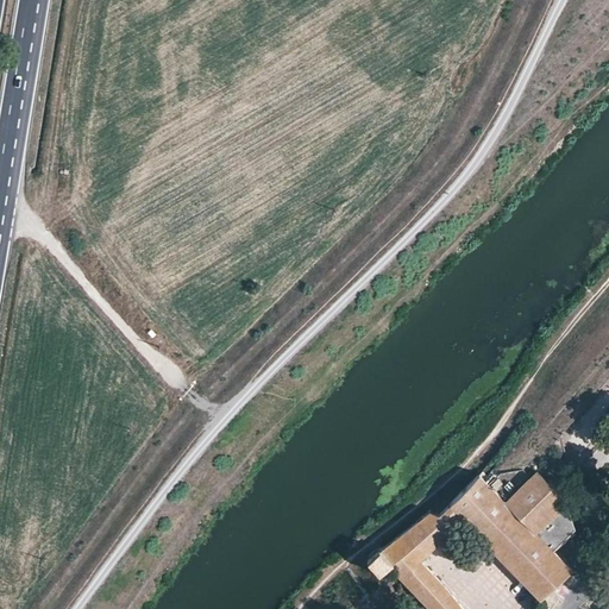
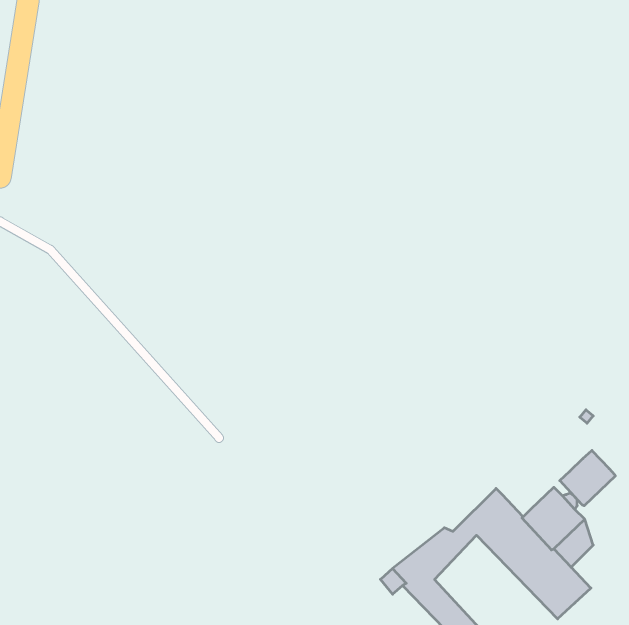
building: none -> [560,450,615,506]

